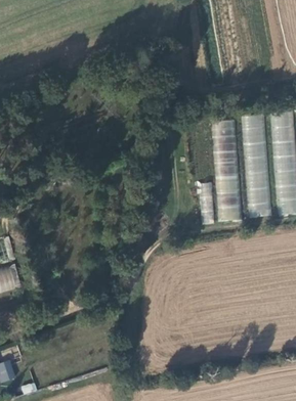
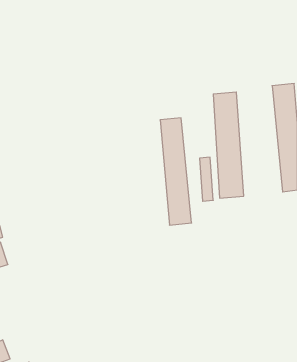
building: [243,116,273,220] -> [160,118,192,225]

